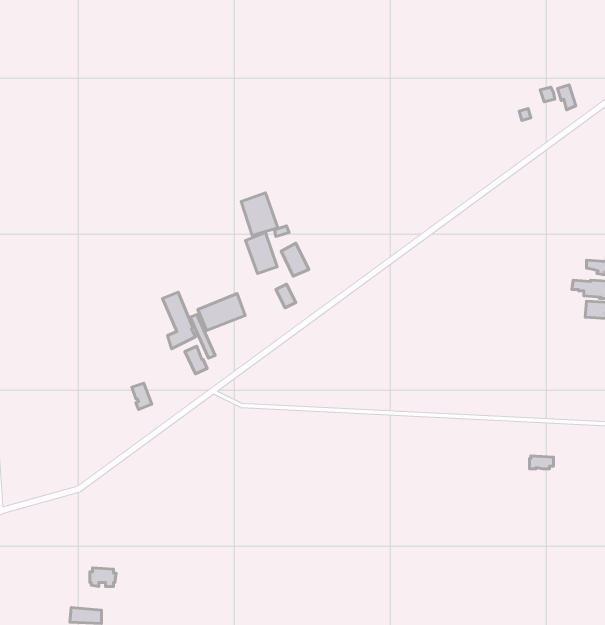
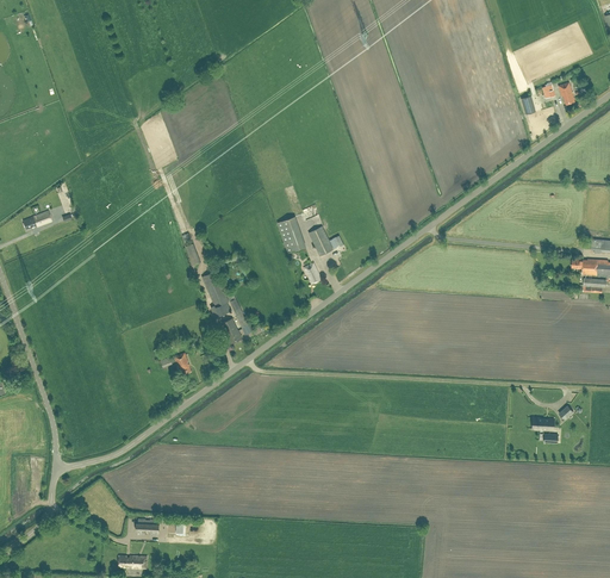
building: [241,193,278,236] -> none
building: [198,293,245,331] -> none

